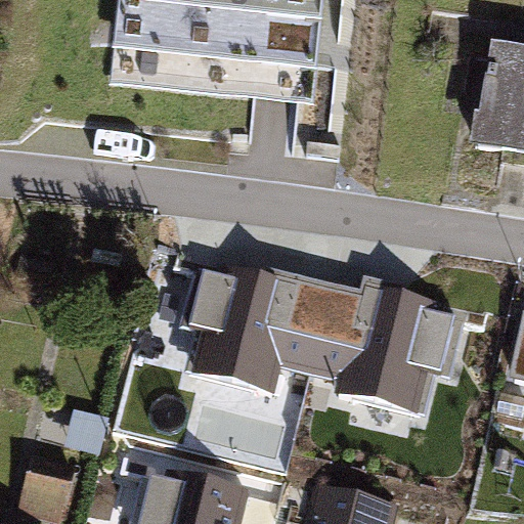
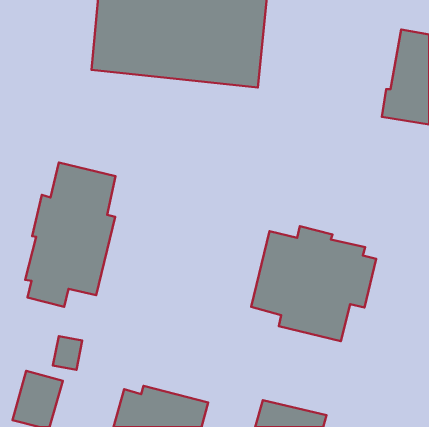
building: none -> [25,162,116,307]
building: [190,263,329,396] -> none

